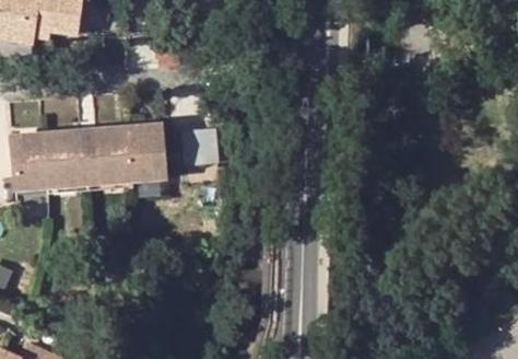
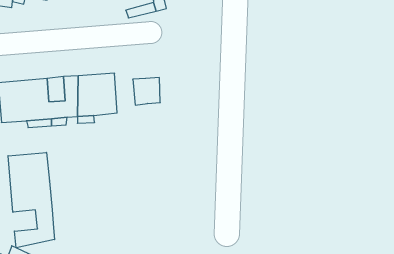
building: none -> [8,152,55,248]

